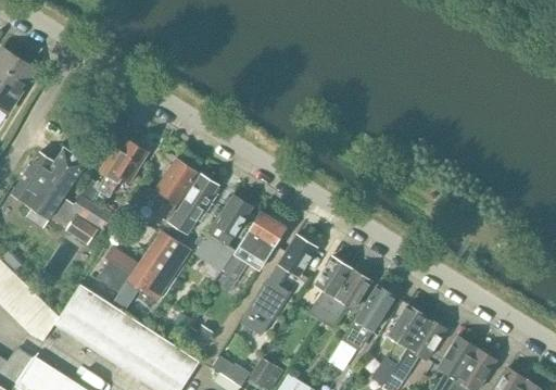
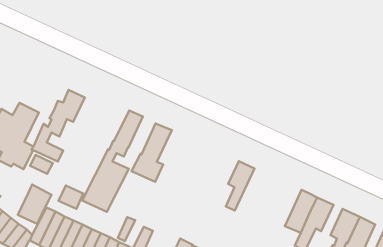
building: [155,159,199,222] -> none
building: [225,213,287,280] -> none
building: [241,235,317,336] -> none
building: none -> [18,185,52,224]
building: [320,269,371,327] -> none
building: [342,285,395,350] -> none

